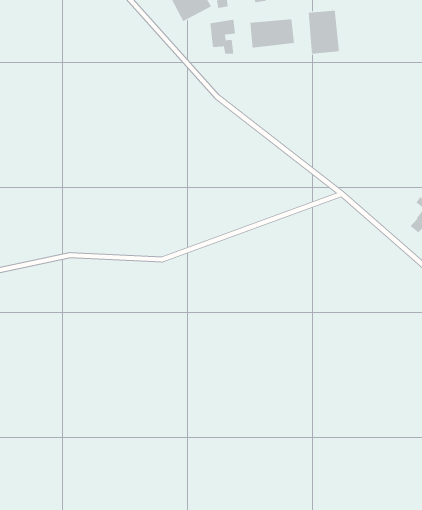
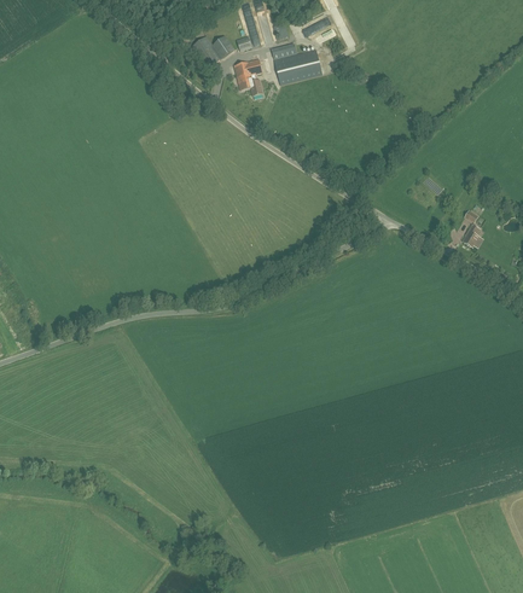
building: [308,10,340,55] -> none

